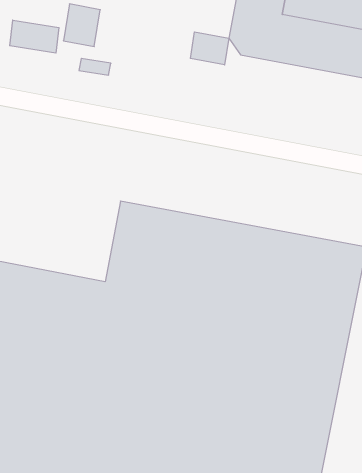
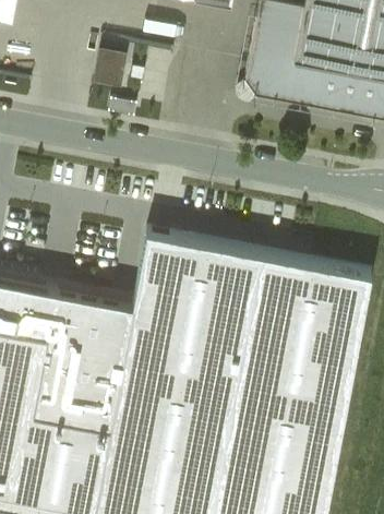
building: [10,20,59,53] -> none
building: [190,32,229,65] -> none

